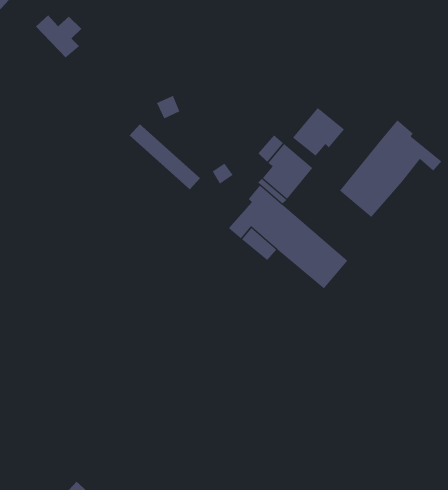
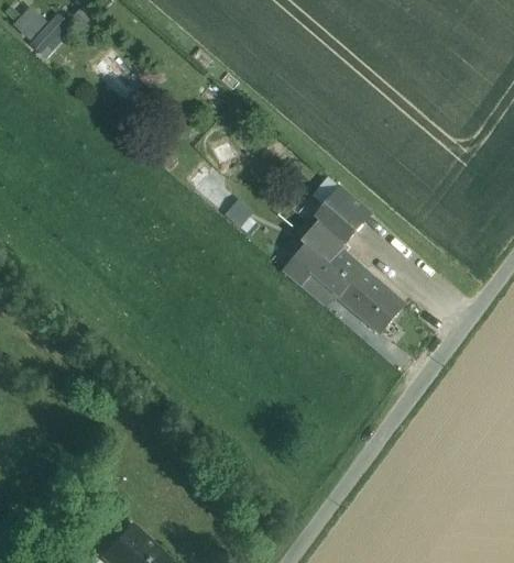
building: [292,107,345,156] -> none
building: [339,119,442,218] -> none

